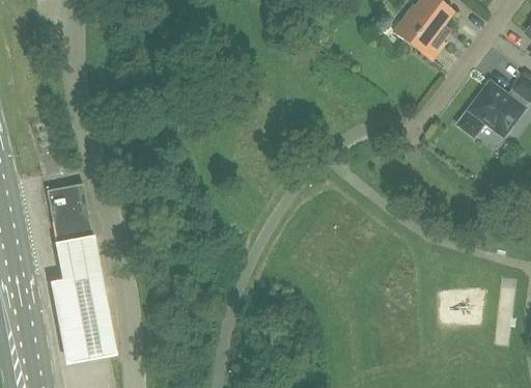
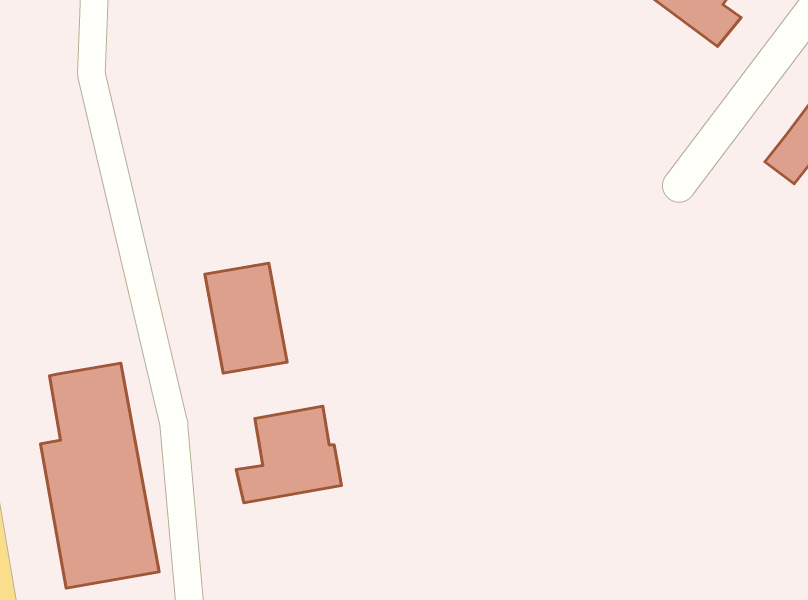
building: [48,182,94,244] -> [205,263,287,373]
building: none -> [236,406,341,503]

